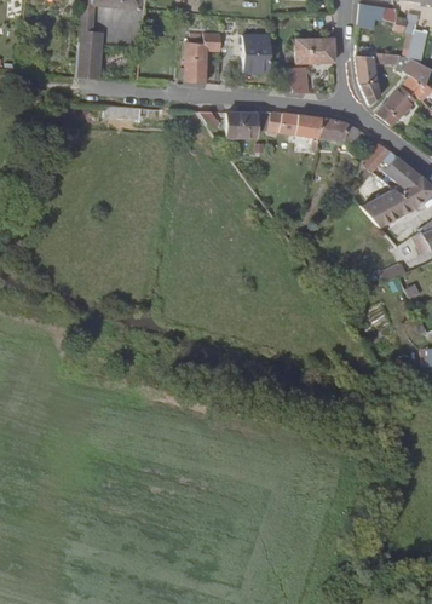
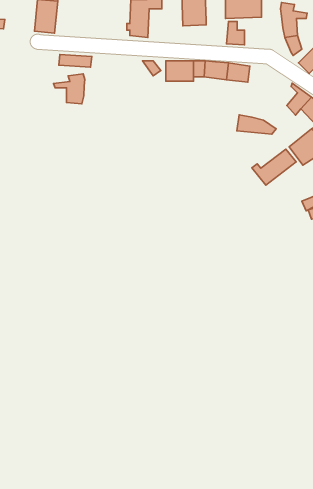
building: [319,117,364,139] -> [237,115,276,134]
building: none -> [54,74,85,104]
building: none -> [252,149,296,185]

